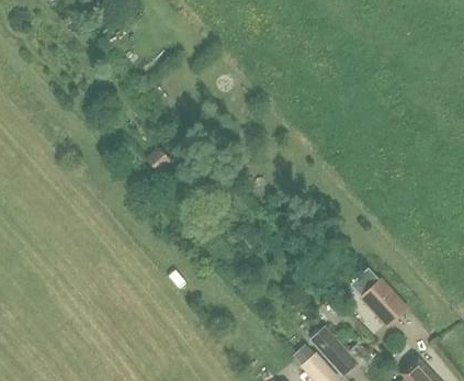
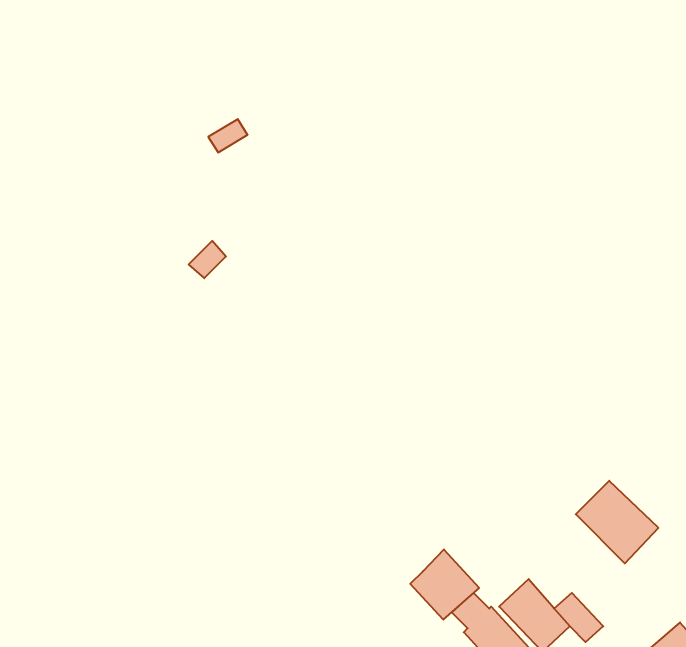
building: none -> [410,549,479,620]

